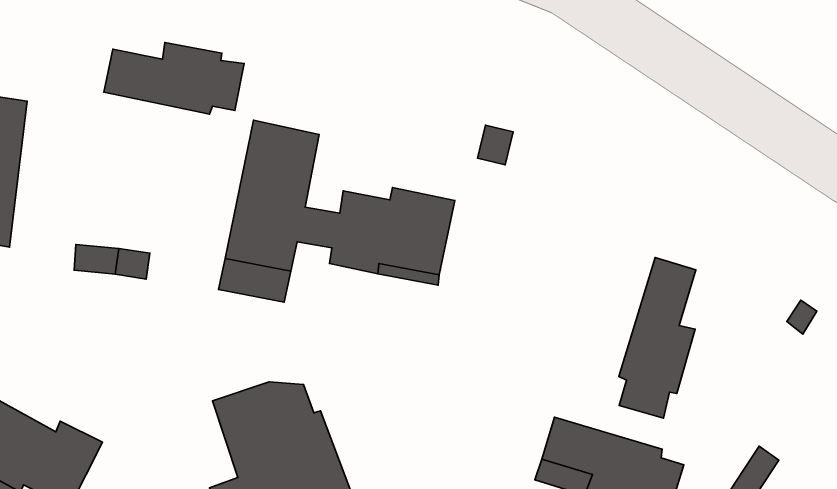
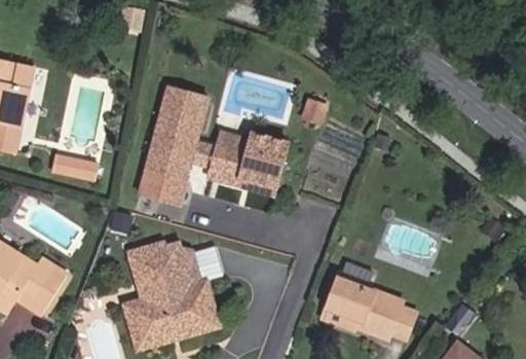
building: [104,42,244,114] -> none
building: [619,258,696,418] -> none

